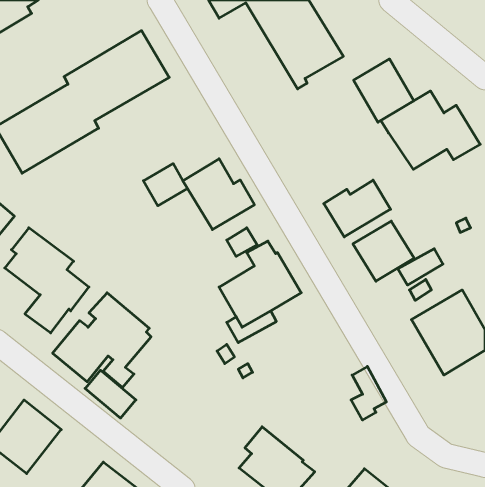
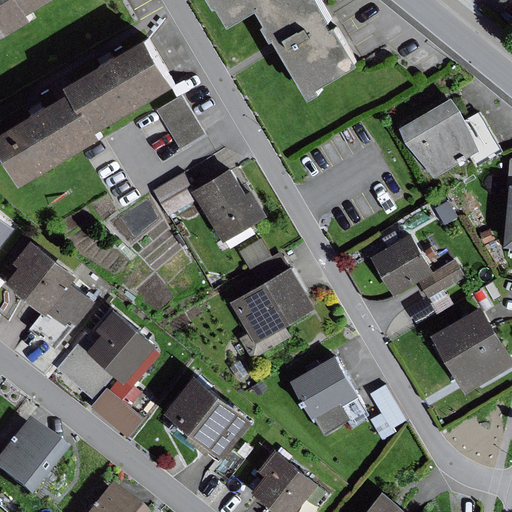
building: [354,59,414,122] -> none
building: none -> [154,96,202,149]
building: [324,180,391,237] -> none
building: none -> [289,355,367,435]
building: none -> [164,373,253,462]

